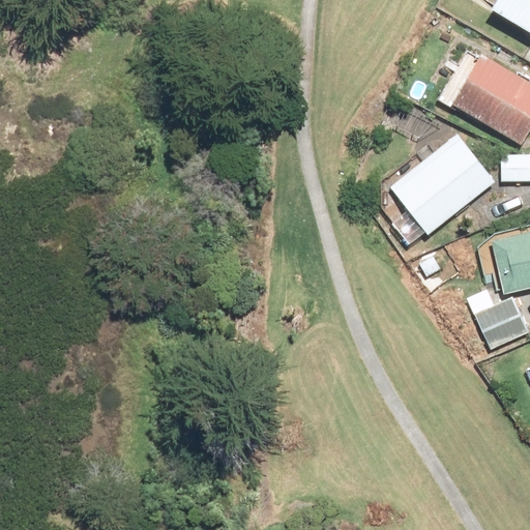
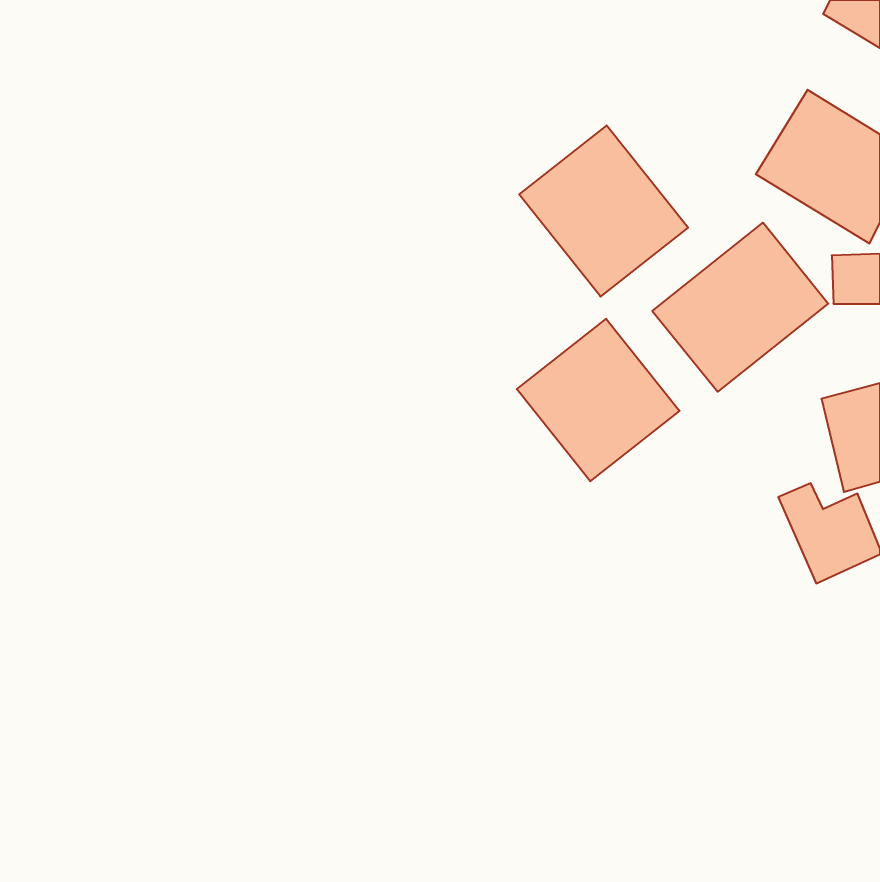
building: none -> [519,125,688,297]
building: none -> [517,319,680,481]

